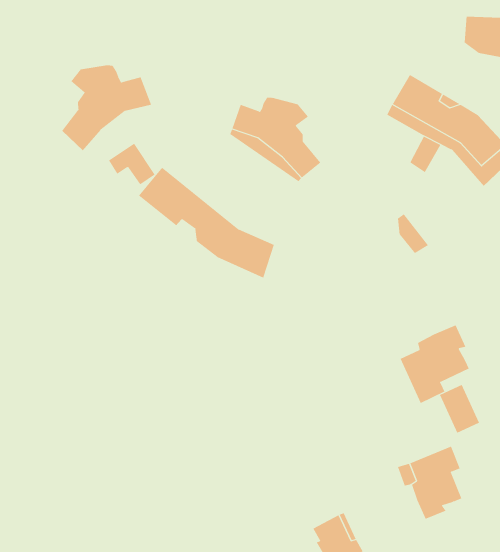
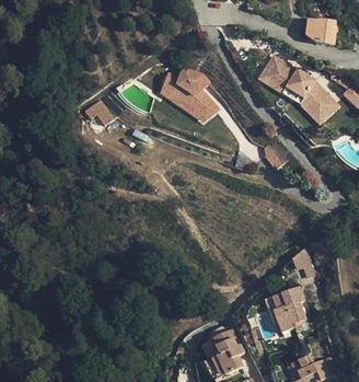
building: [61,65,152,151] -> none
building: [138,167,274,278] -> none
building: [400,325,470,404] -> none

